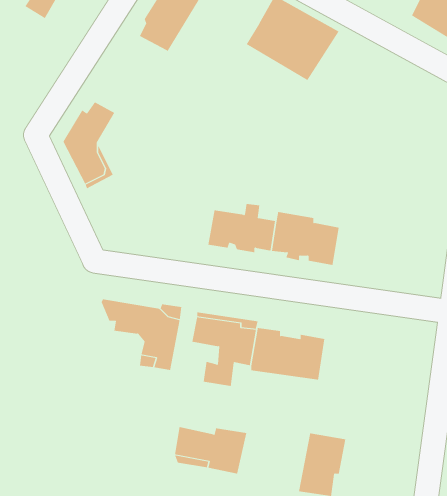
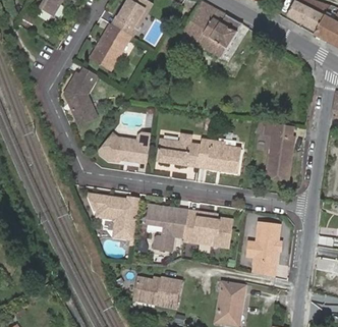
building: none -> [89,24,130,71]
building: none -> [265,123,294,181]
building: none -> [97,133,151,163]
building: none -> [247,223,282,277]

